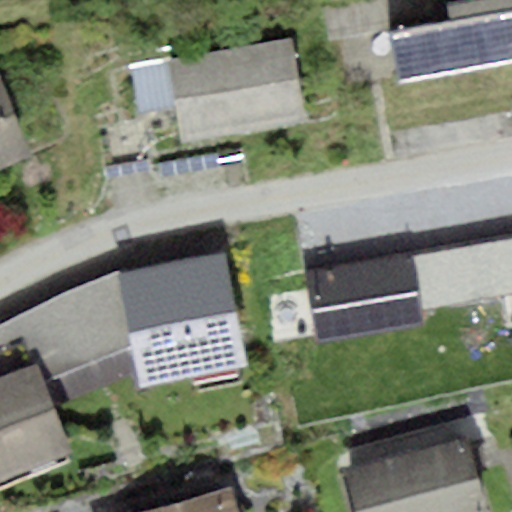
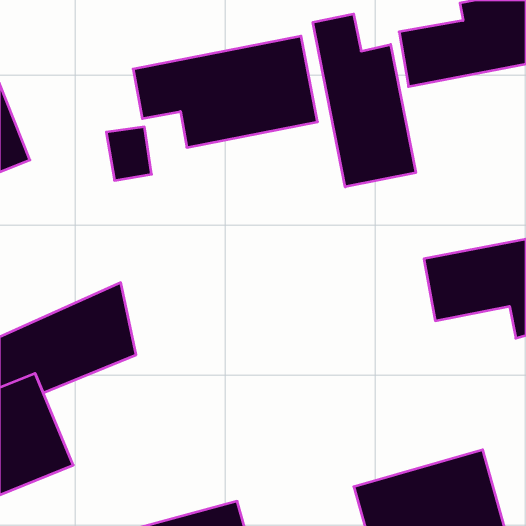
building: none -> [313,14,416,187]
building: [304,252,424,341] -> none
building: [117,253,248,390] -> none

